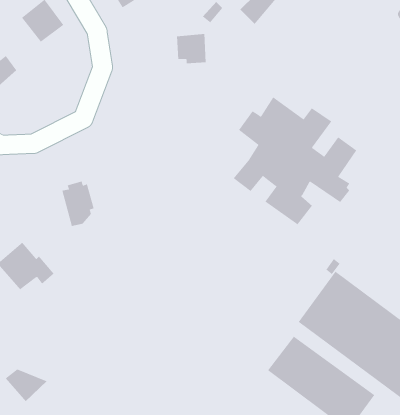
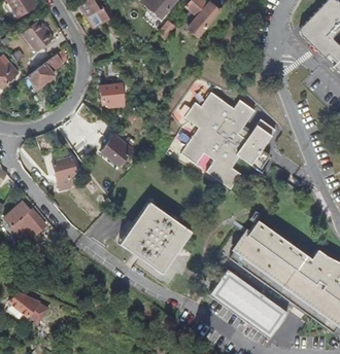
building: [176,33,207,64] -> [102,83,125,106]
building: none -> [28,46,67,87]
building: none -> [101,135,132,166]
building: none -> [117,201,190,274]

